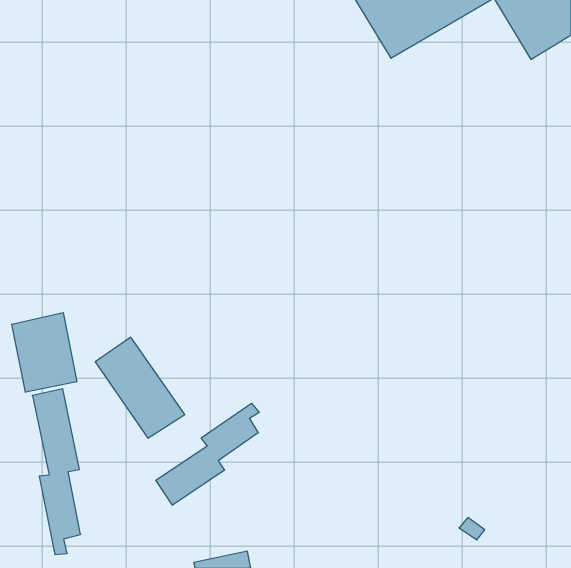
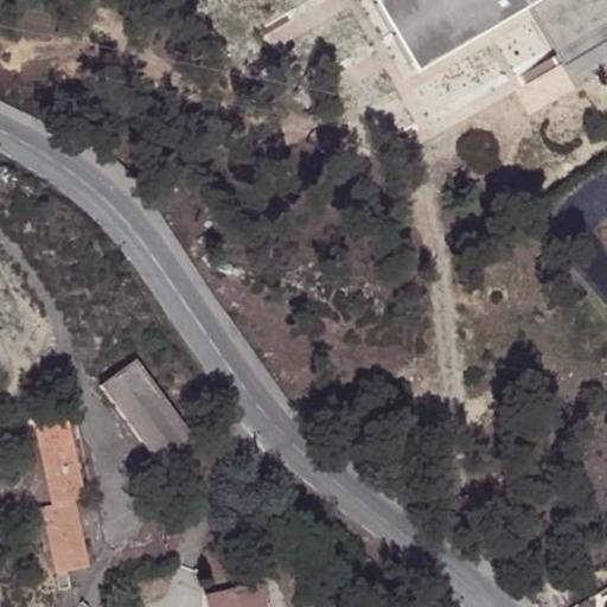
building: [12,313,77,392] -> none
building: [156,403,259,505] -> none

